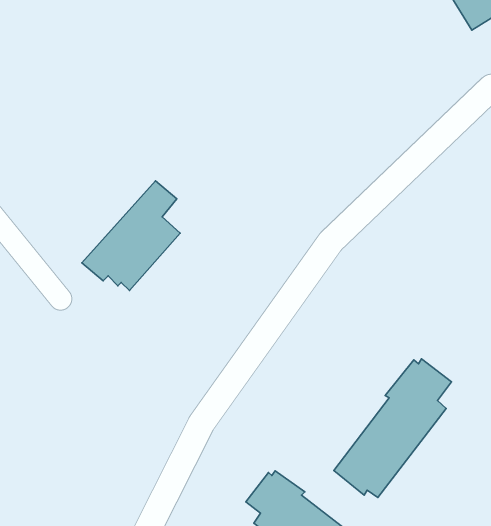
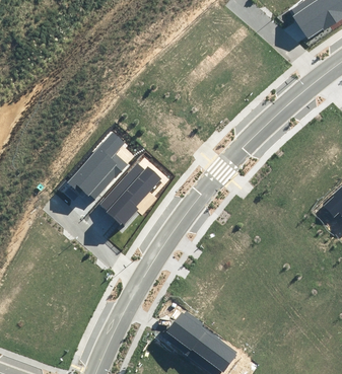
building: none -> [98,162,160,225]
building: [334,359,452,497] -> none

